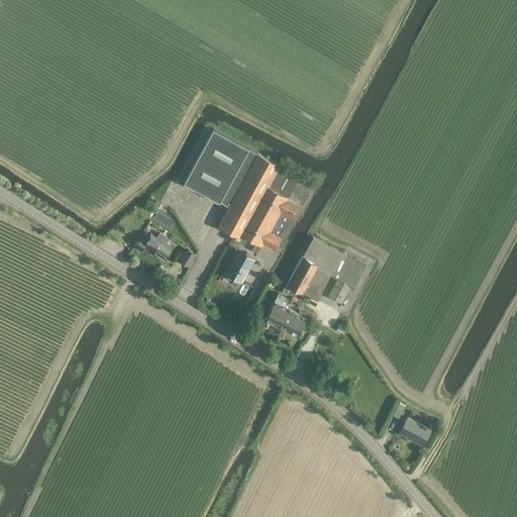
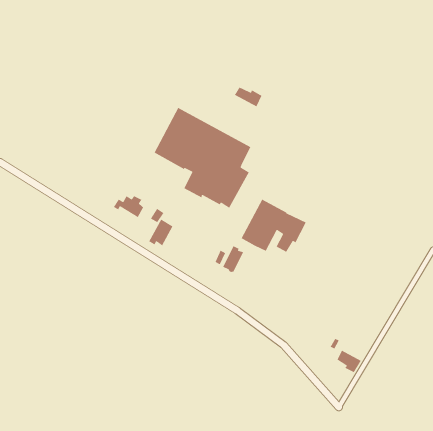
building: none -> [234,86,263,108]
building: [224,250,254,284] -> [148,218,173,246]
building: [279,303,311,337] -> none

